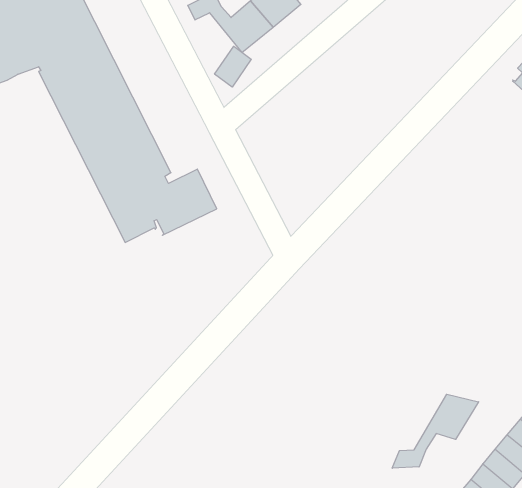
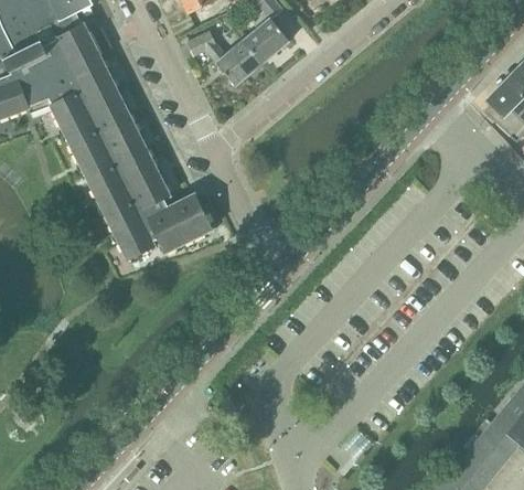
building: [215,46,251,87] -> none
building: [392,394,479,468] -> none

